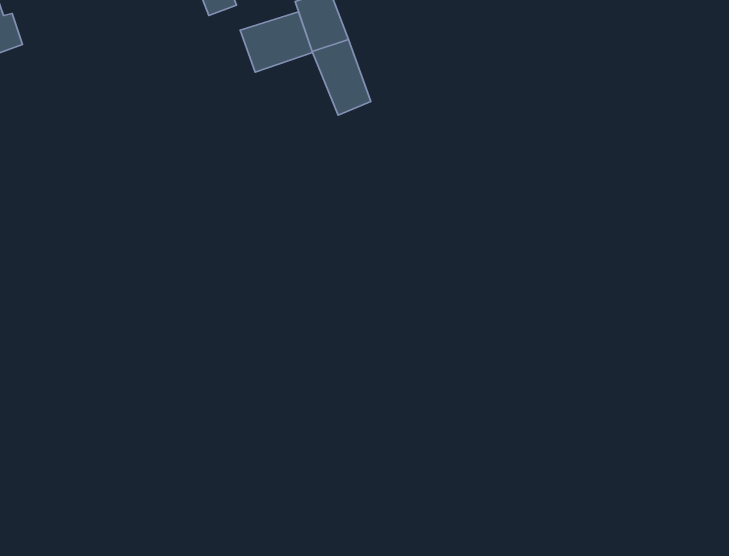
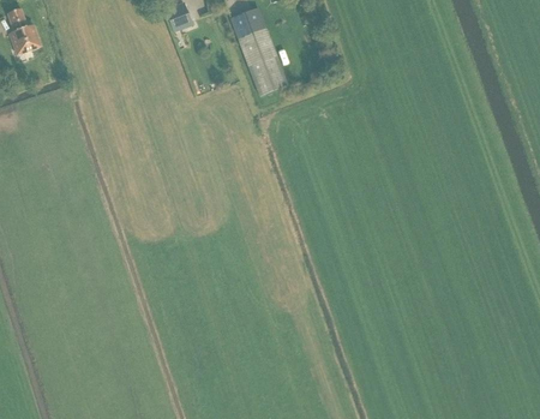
building: [240,12,312,72] -> none

